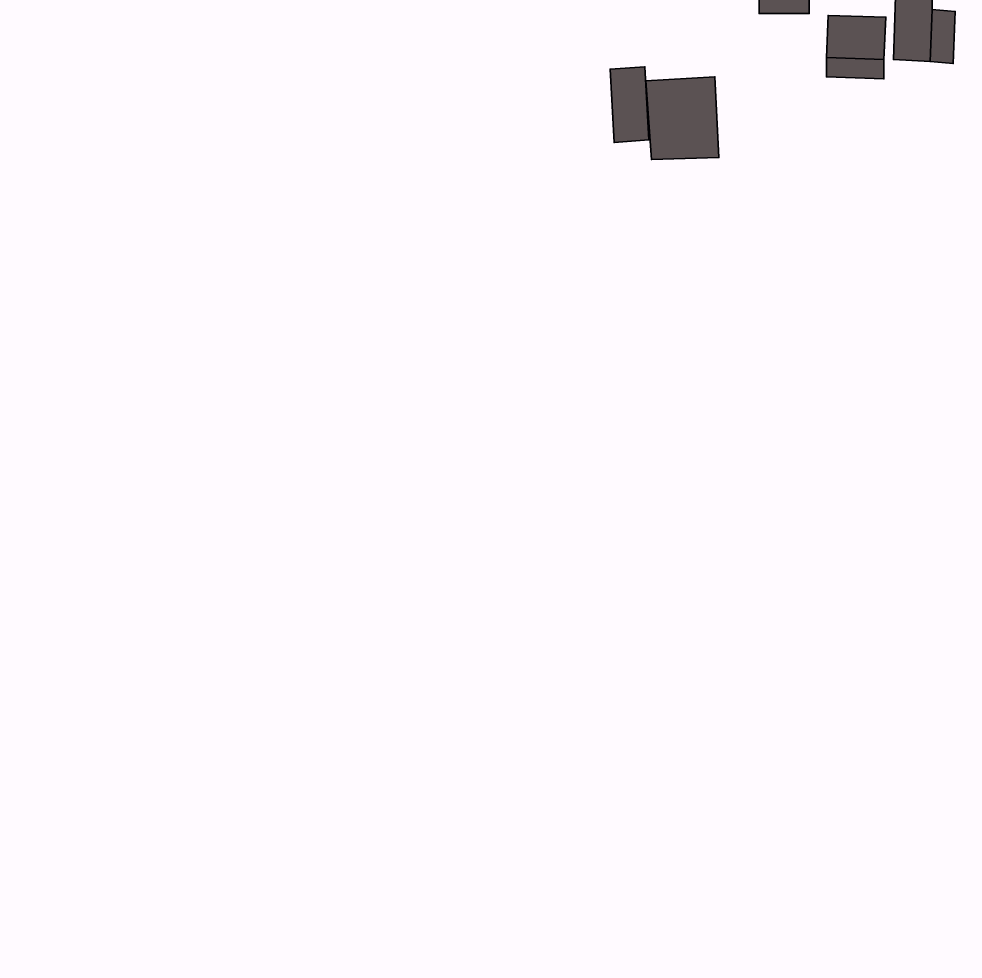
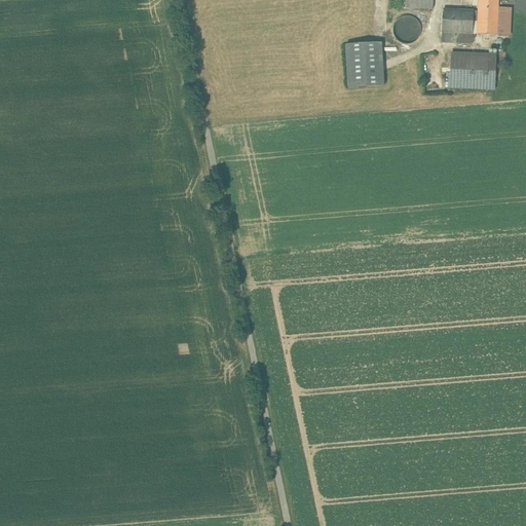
building: none -> [393,14,421,42]
building: [610,67,649,142] -> none
building: none -> [450,51,496,87]

